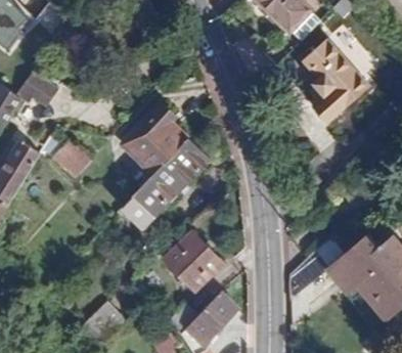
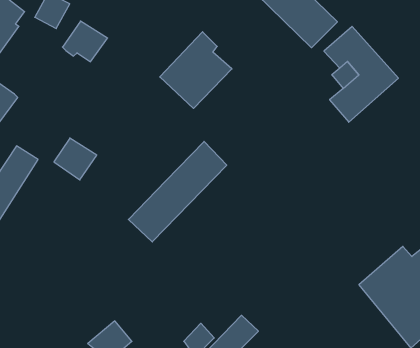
building: [18,70,59,106] -> [62,21,108,62]
building: [125,102,190,172] -> [160,32,232,108]
building: [167,230,224,288] -> none

